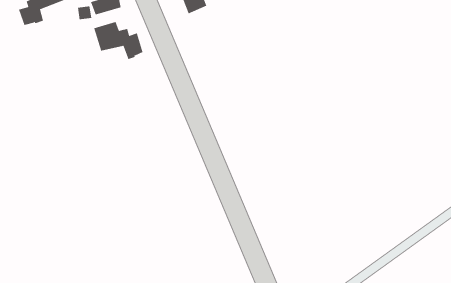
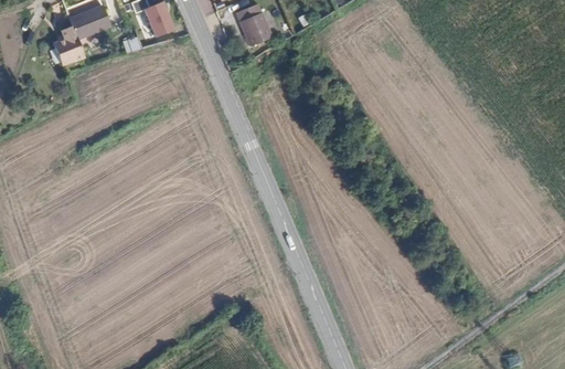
building: [94,21,143,60] -> none

